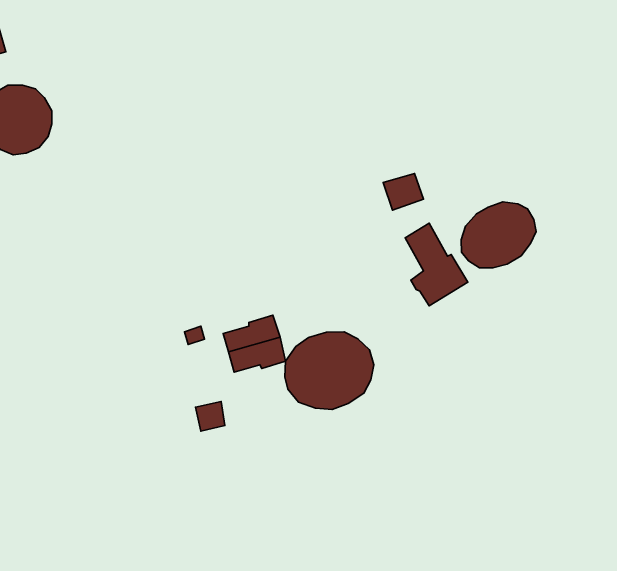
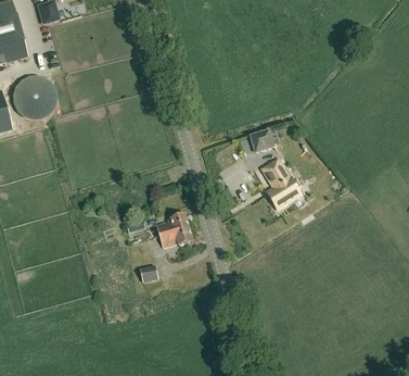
building: [461,202,536,268] -> none
building: [285,332,374,409] -> none

